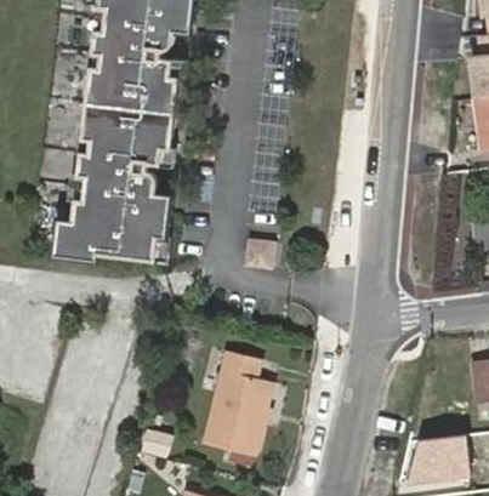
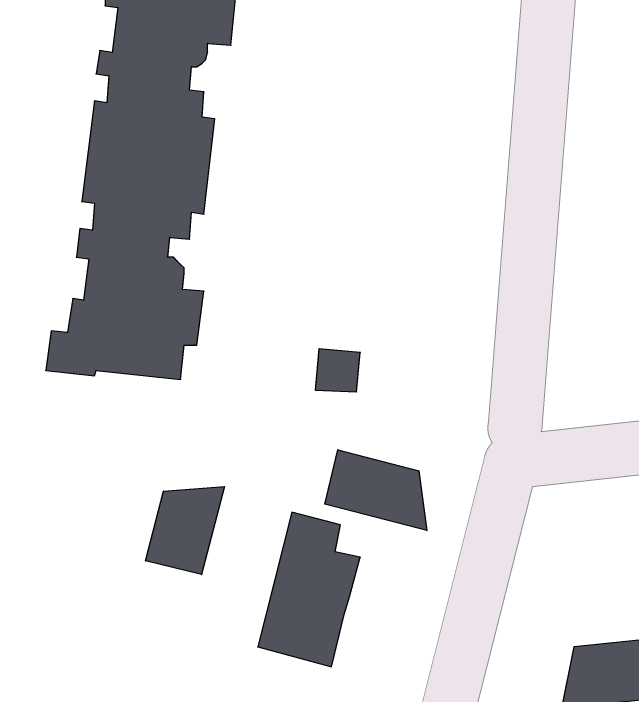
building: none -> [325,450,427,531]
building: none -> [146,487,224,575]

